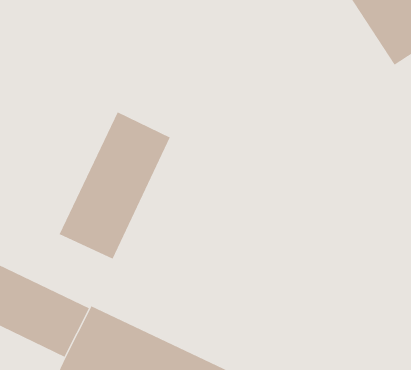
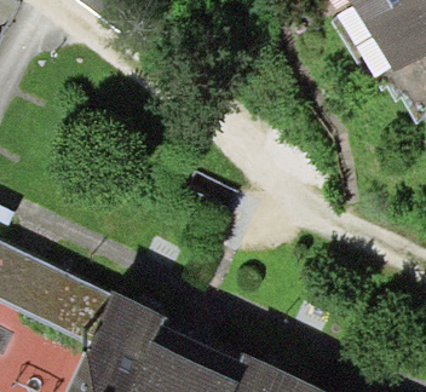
building: [59,111,171,259] -> none

